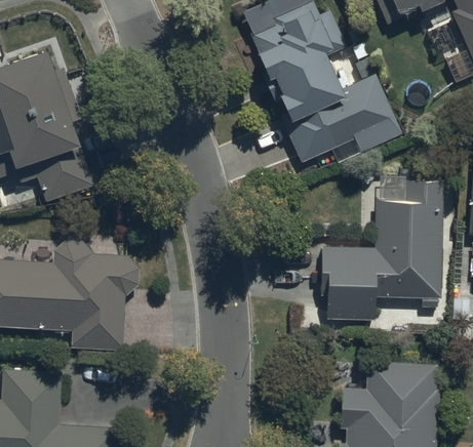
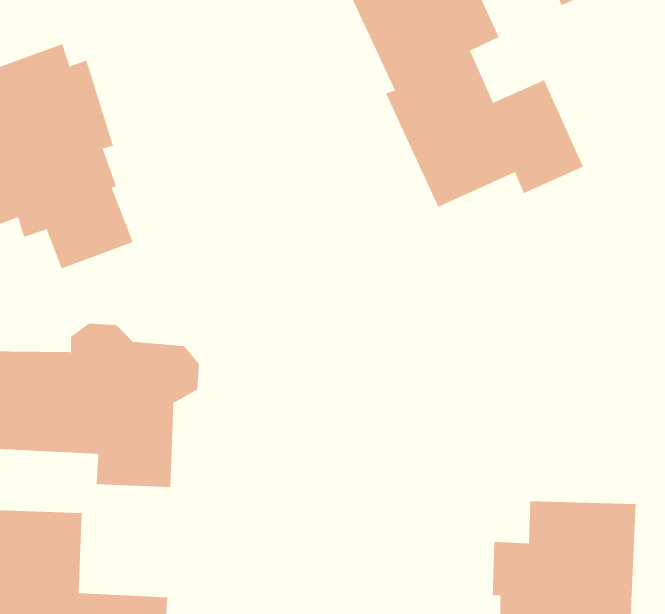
building: [320,178,444,323] -> none

